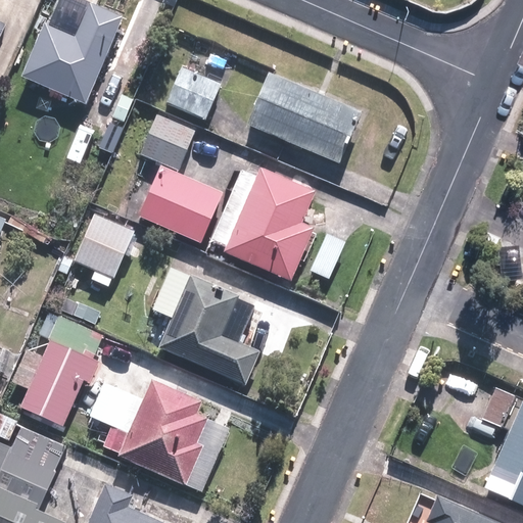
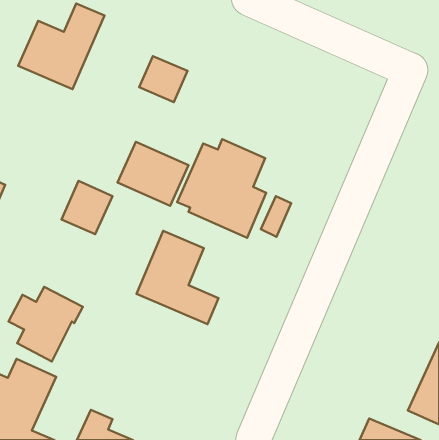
building: [247,73,362,162] -> none
building: [140,115,193,170] -> none
building: [89,382,204,484] -> none

